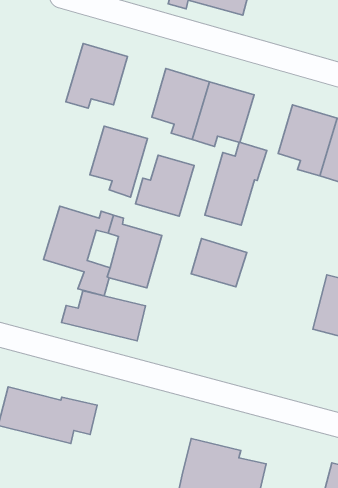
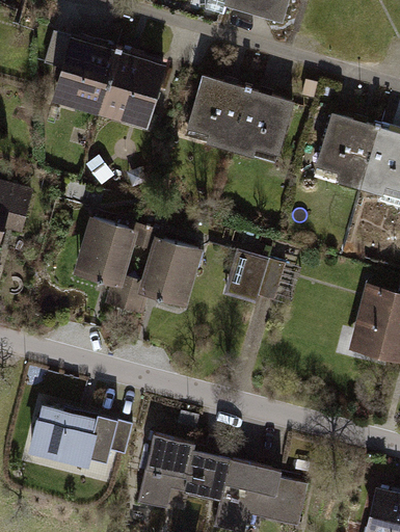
building: [90,126,148,197] -> [58,39,117,112]
building: [205,142,267,225] -> none
building: [136,155,194,216] -> none
building: [61,291,146,341] -> none
building: none -> [137,434,229,505]

